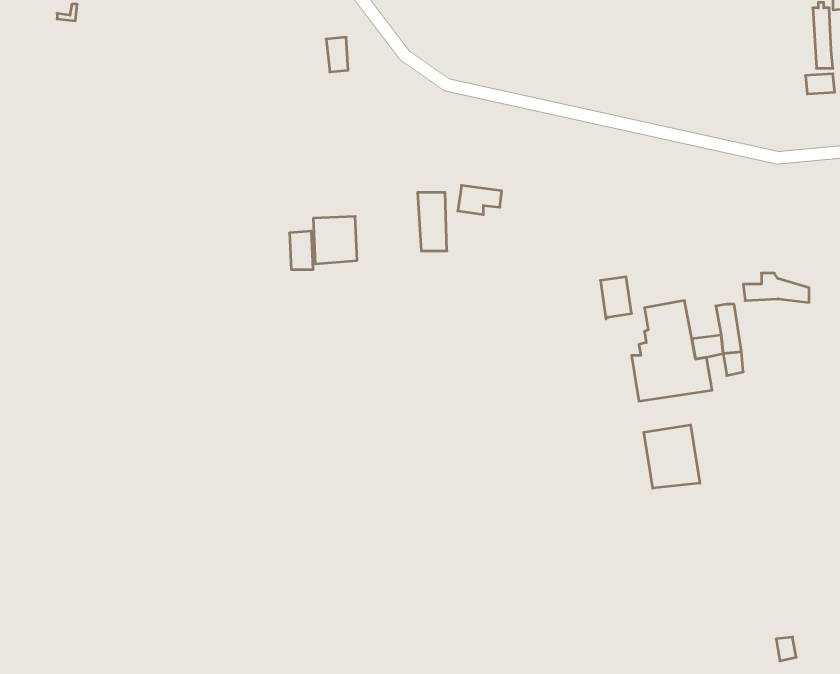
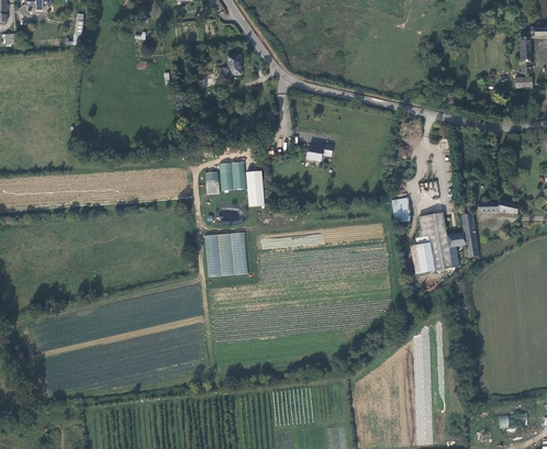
building: [418,192,447,251] -> [246,171,264,206]
building: none -> [204,232,248,278]
building: [644,425,700,488] -> none

